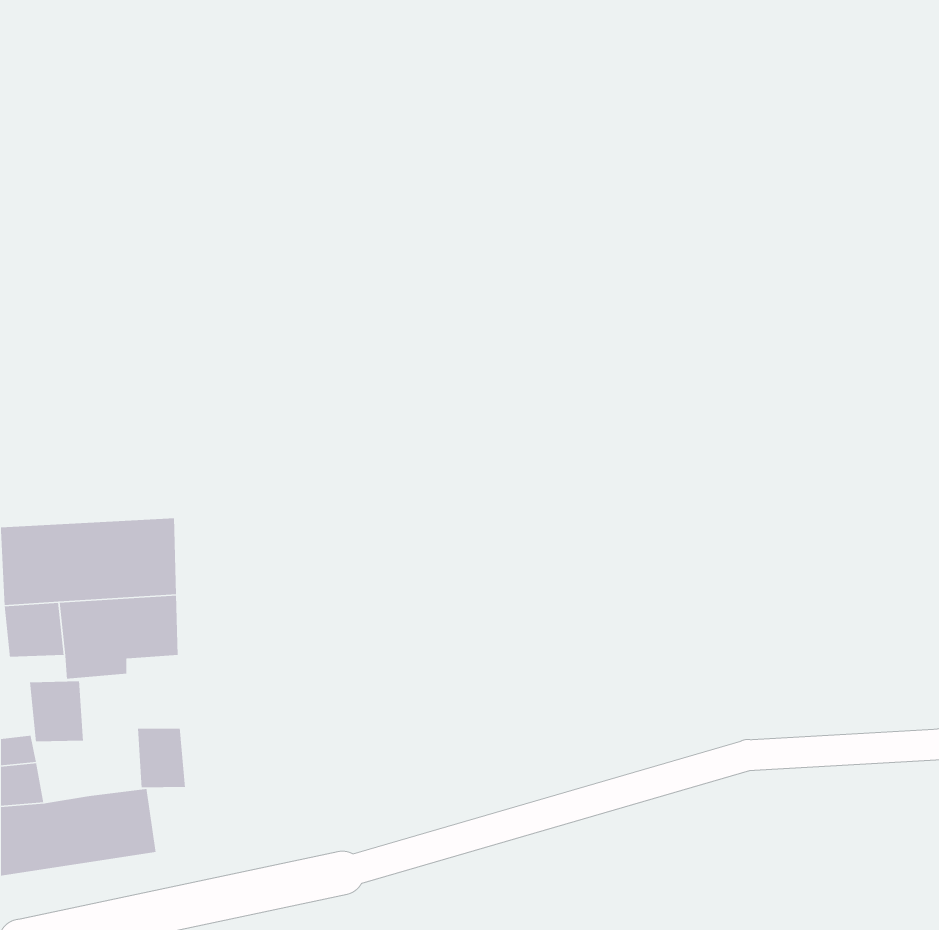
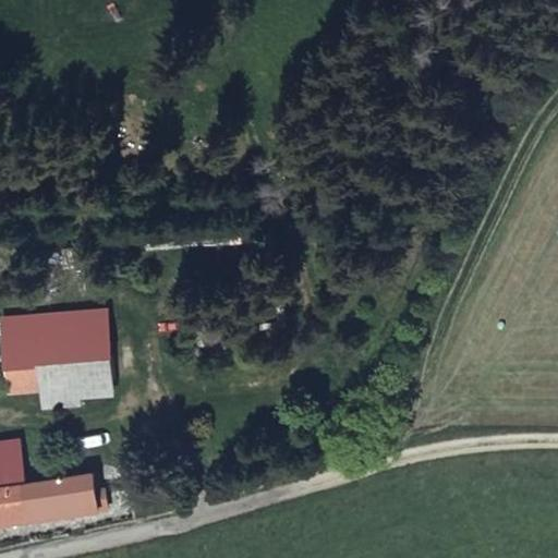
building: [29,681,84,742] -> none
building: [137,728,186,788] -> none

